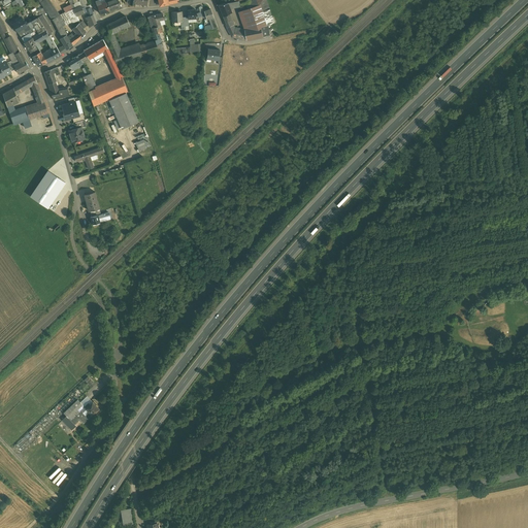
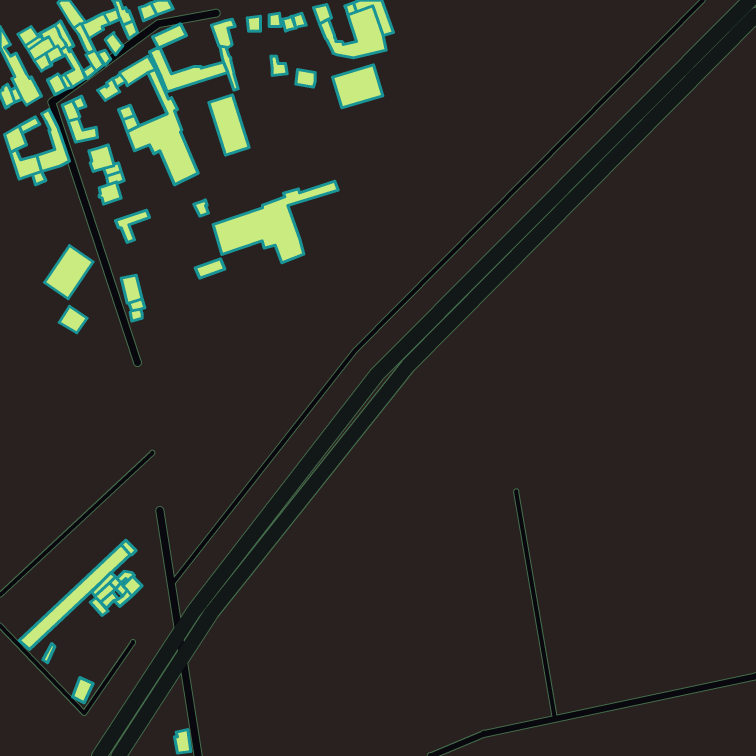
building: none -> [333,65,383,108]
building: none -> [209,95,249,155]
building: none -> [213,181,338,263]

